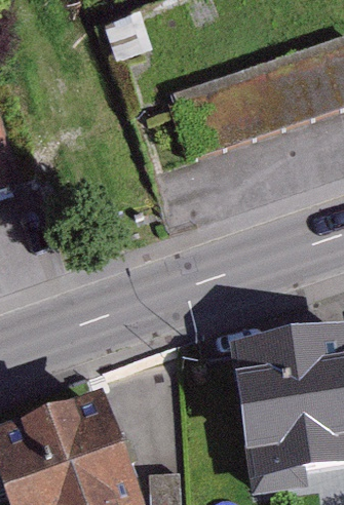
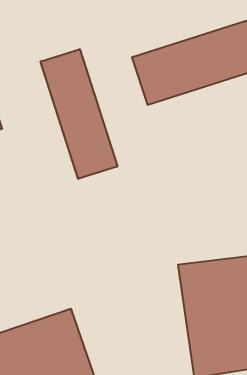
building: none -> [41,49,117,179]

